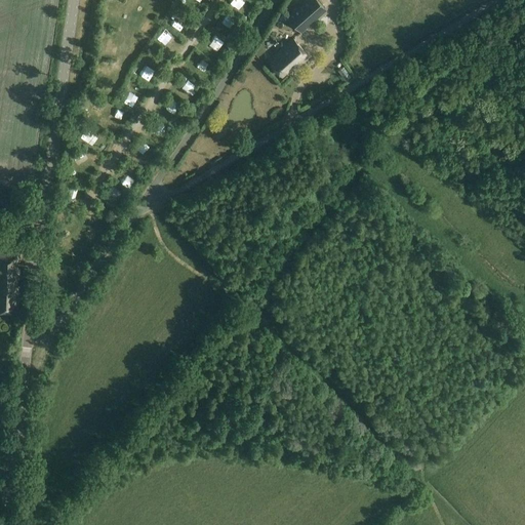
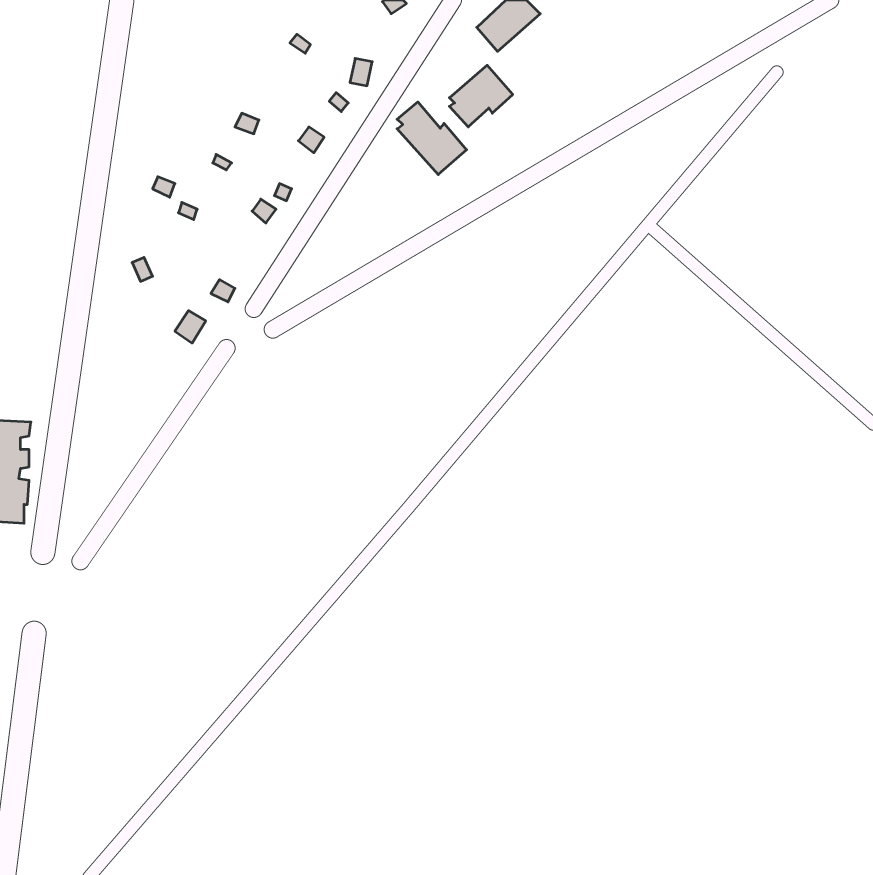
building: none -> [397,102,467,175]

